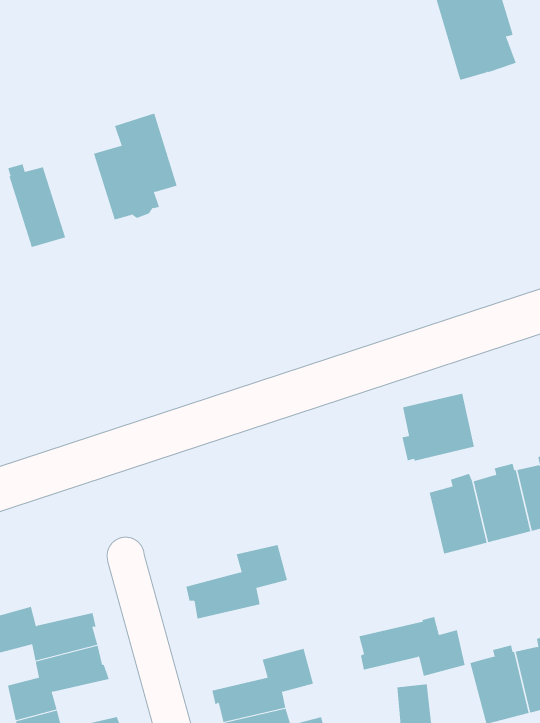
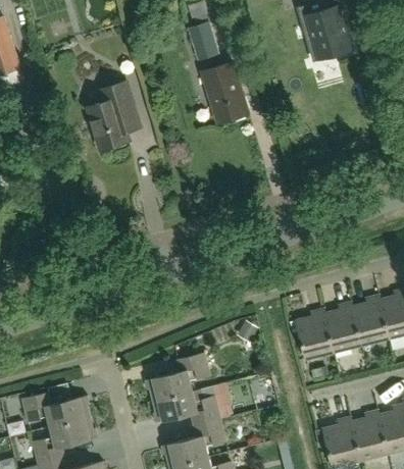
building: none -> [188,22,218,59]
building: none -> [201,61,249,123]
building: [8,163,66,248] -> none
building: [402,393,474,461] -> none
building: [358,617,466,677] -> [152,387,219,425]

